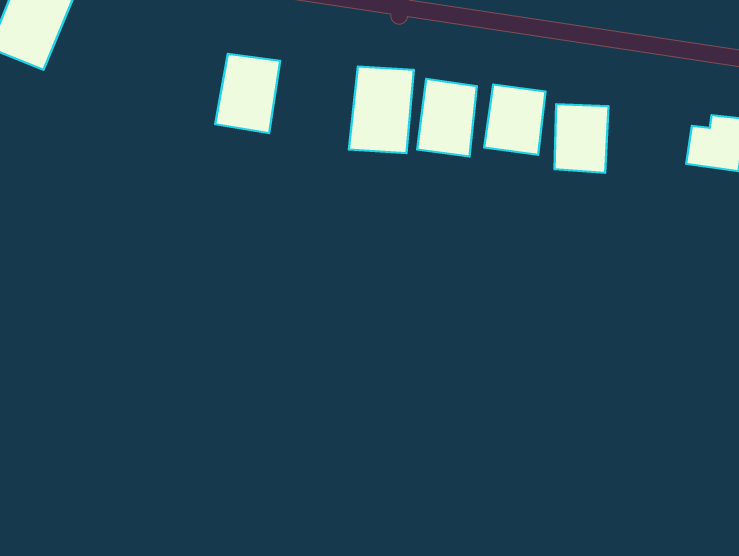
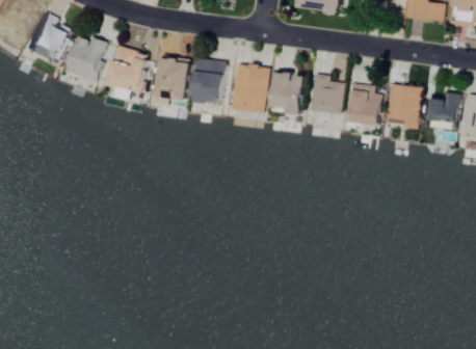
building: none -> [65,33,110,82]
building: none -> [107,46,150,92]
building: none -> [192,58,227,105]
building: none -> [385,83,422,129]

